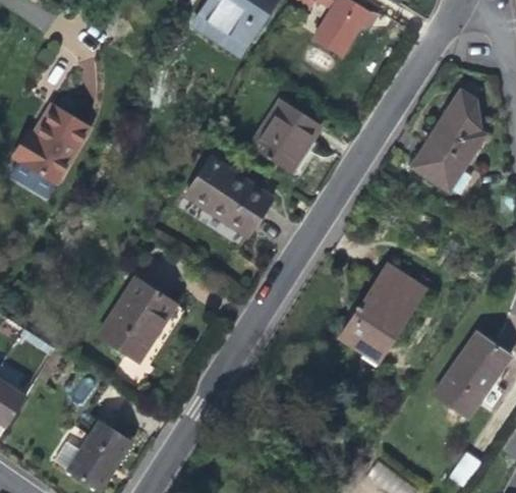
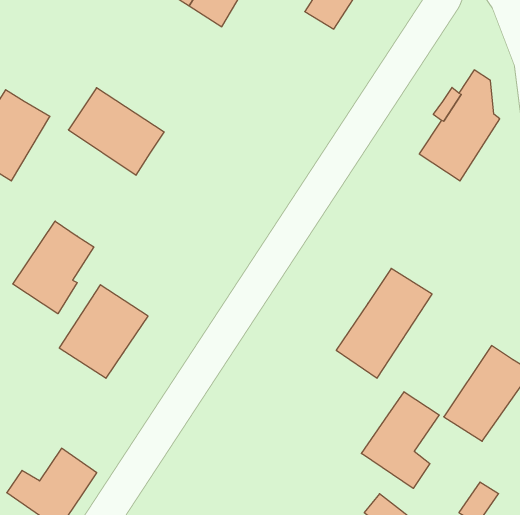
building: [252,102,318,169] -> none
building: [187,159,271,235] -> [68,88,164,175]
building: none -> [13,221,94,314]
building: none -> [361,392,439,488]

